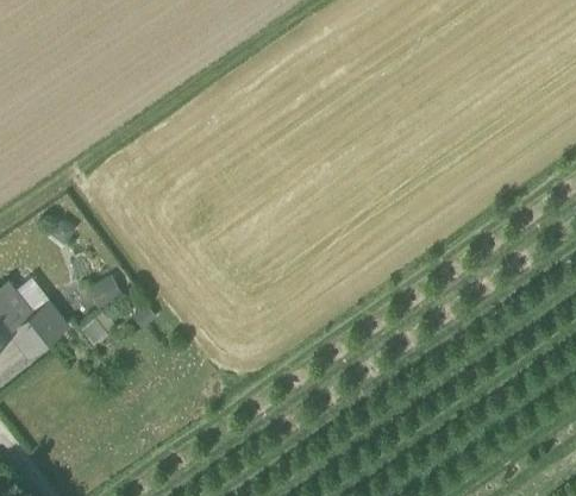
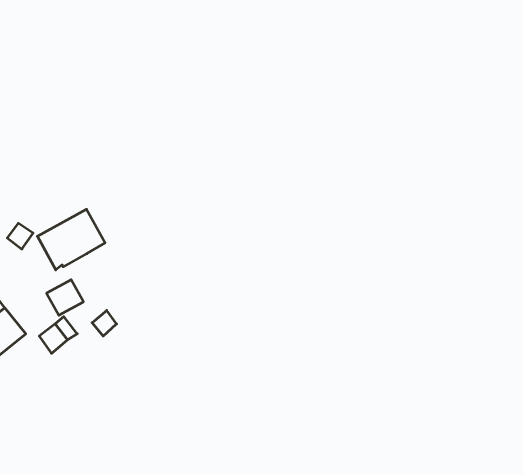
building: none -> [37,209,105,270]

